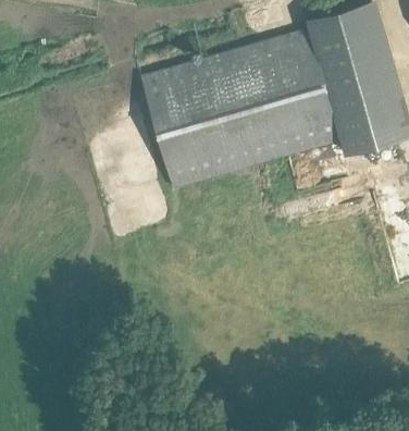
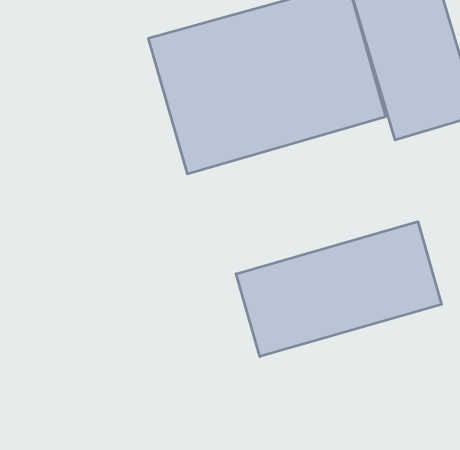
building: none -> [236,222,442,357]

